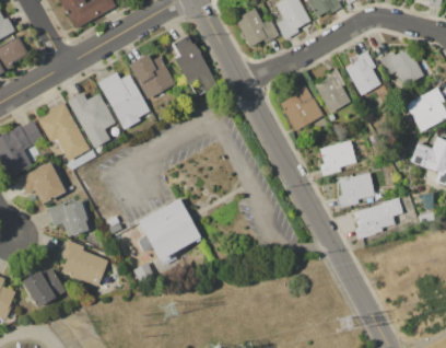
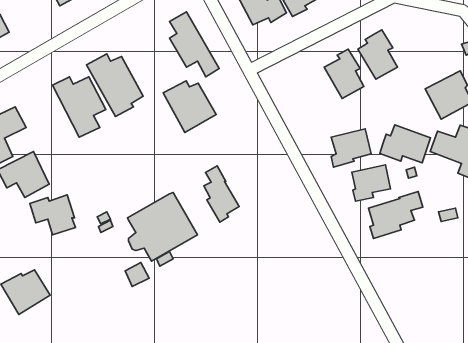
building: [379,48,425,88] -> none
building: [128,54,176,101] -> [163,81,216,133]
building: [280,84,322,130] -> none
building: [37,101,90,161] -> none
building: none -> [380,125,431,163]
building: none -> [204,166,239,222]
building: [61,240,108,286] -> none

